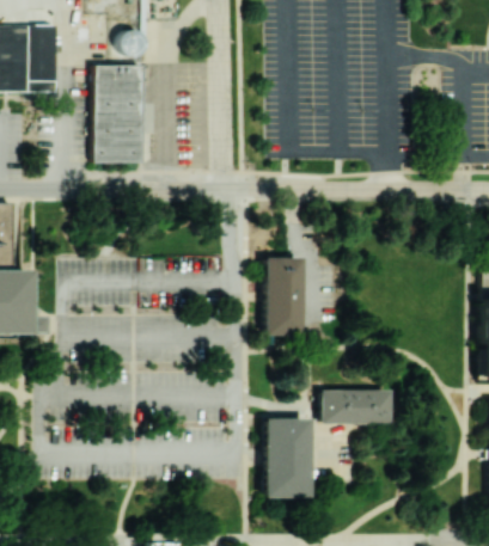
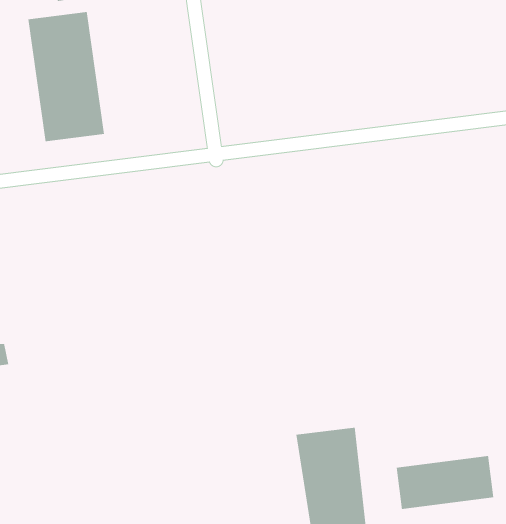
building: [267,257,304,337] -> none
building: [320,389,395,423] -> [396,456,494,509]

